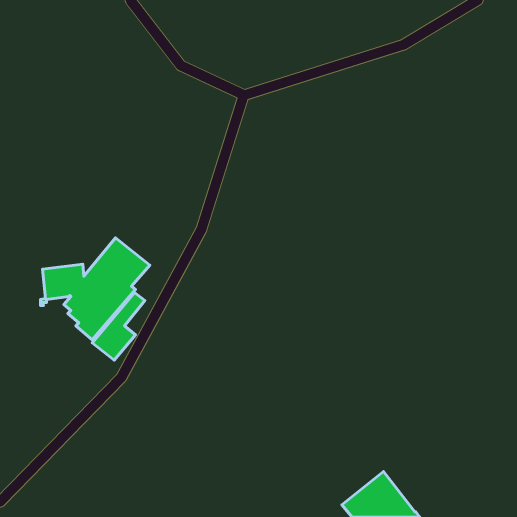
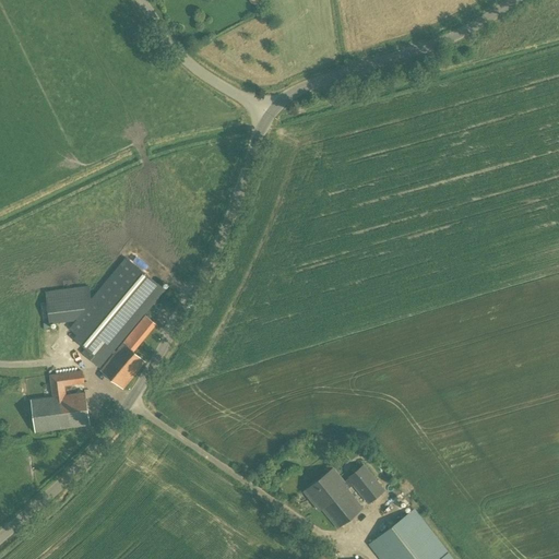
building: none -> [31,370,90,432]
building: none -> [305,465,384,527]

